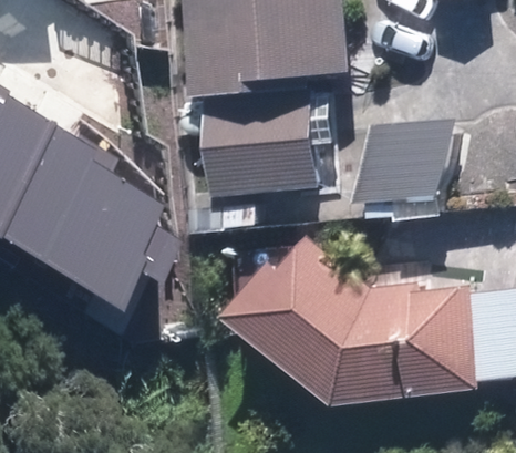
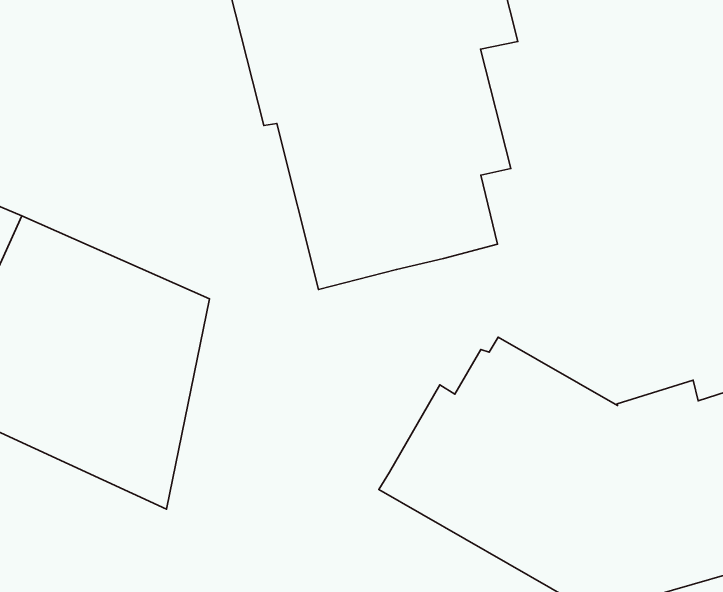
building: [352,120,453,205] -> none

